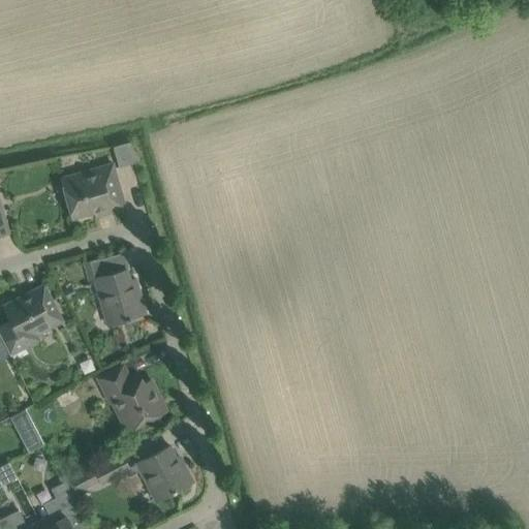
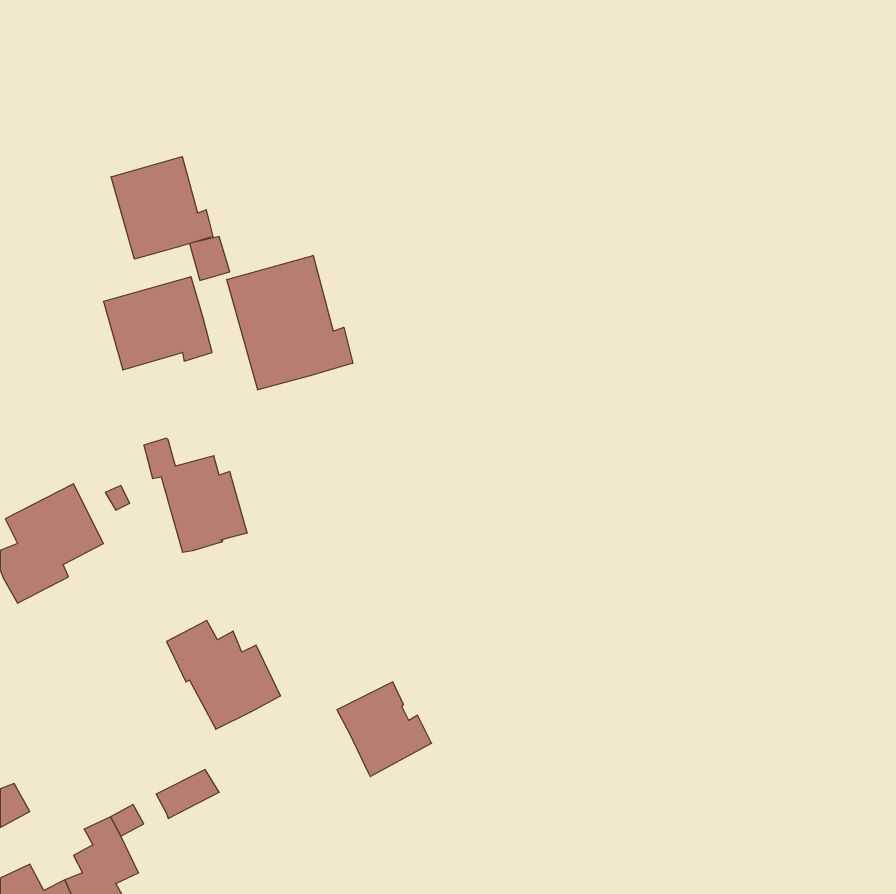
building: none -> [111,157,213,259]
building: none -> [227,255,353,390]
building: [10,408,41,452] -> none
building: [136,446,192,502] -> [337,682,432,777]

